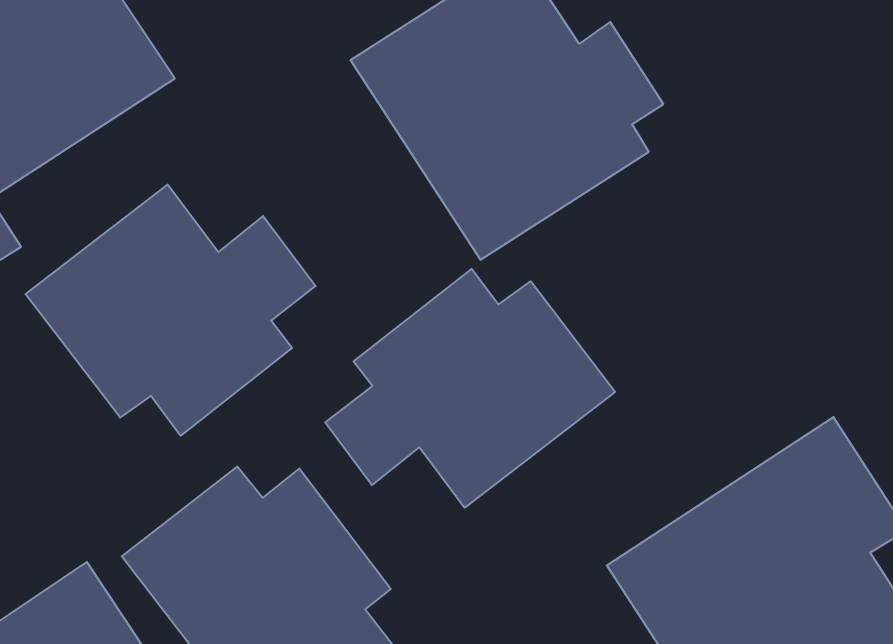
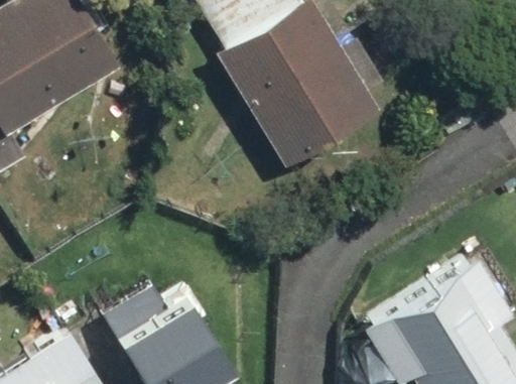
building: [26,185,316,436] -> none
building: [325,269,615,508] -> none

